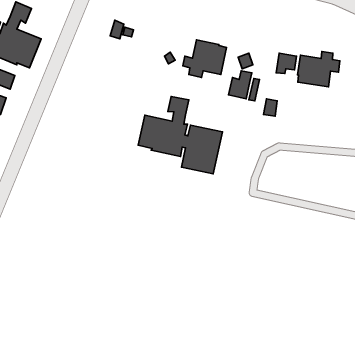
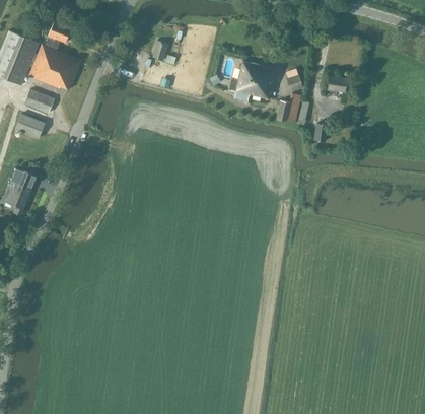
building: [298,52,340,87] -> none
building: [138,96,222,174] -> none

